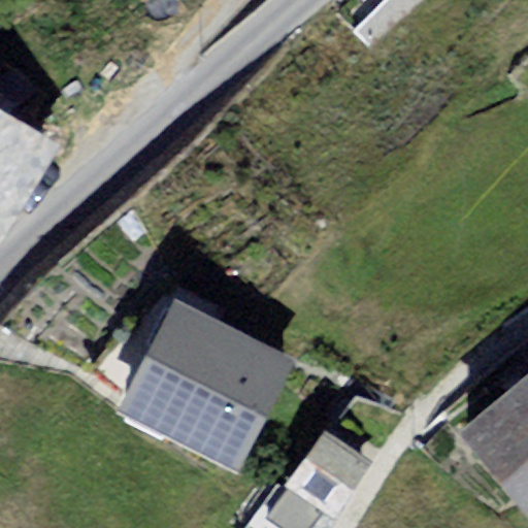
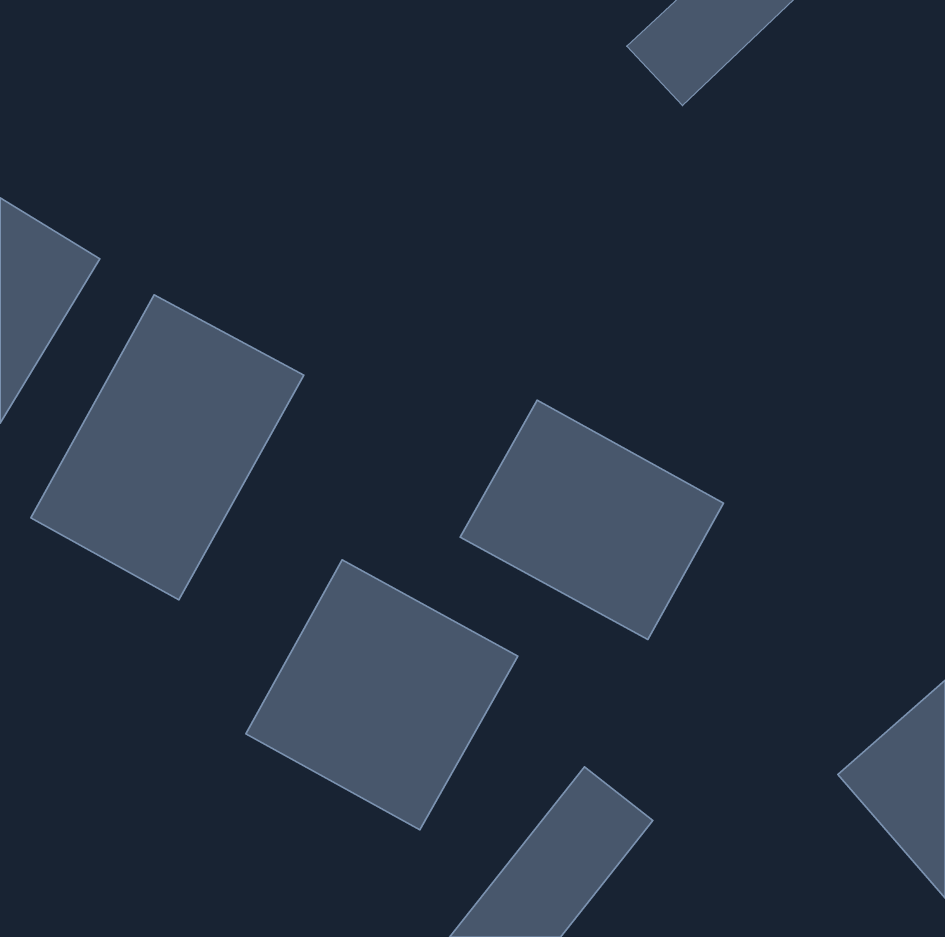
building: none -> [31,295,304,600]
building: none -> [460,400,723,640]

